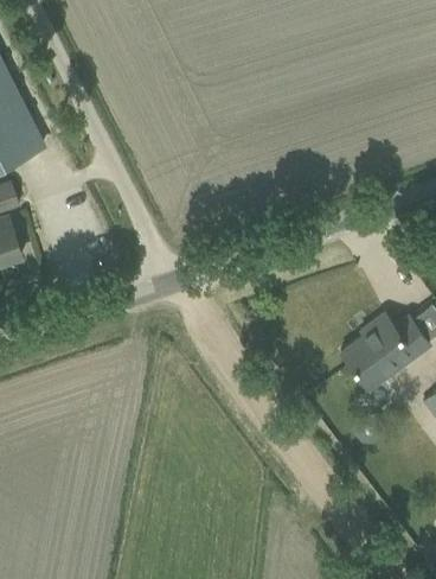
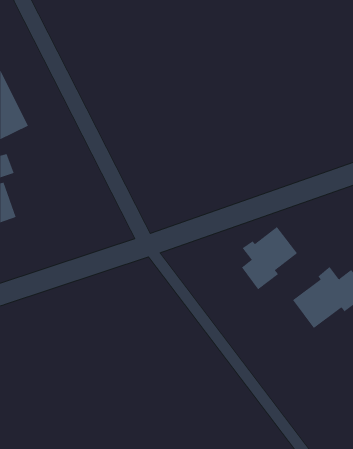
building: none -> [241,226,298,290]

